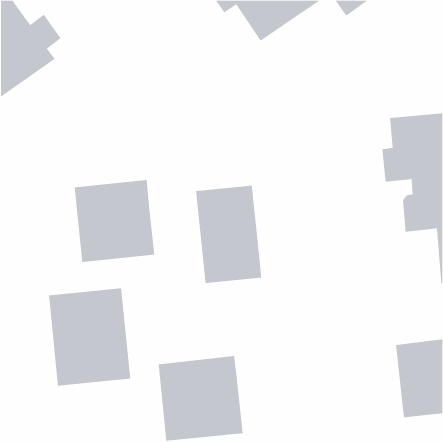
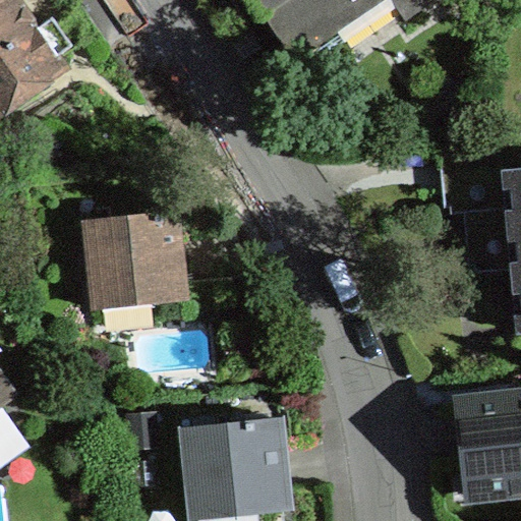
building: [195,185,262,284] -> none
building: [48,287,131,387] -> none

